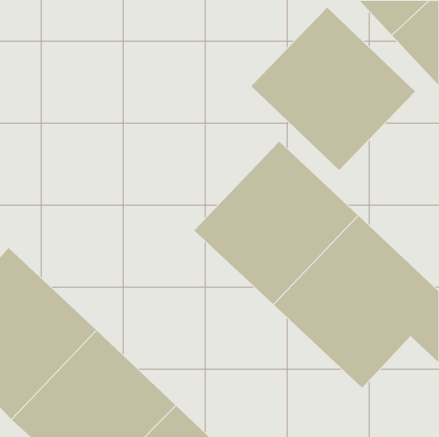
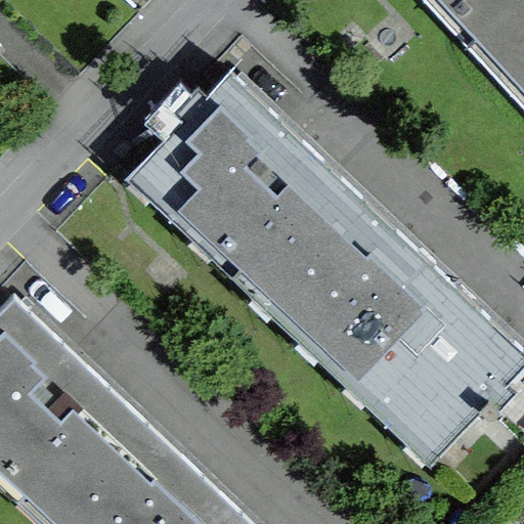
building: [250,7,416,171] -> none
building: none -> [126,74,331,278]

